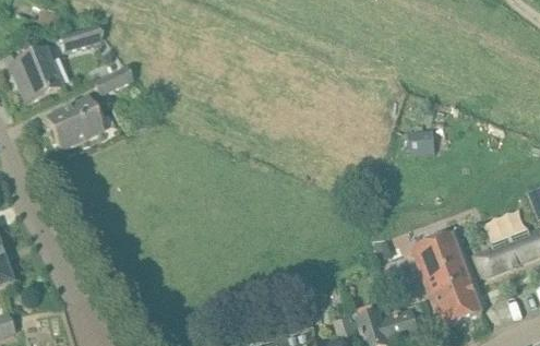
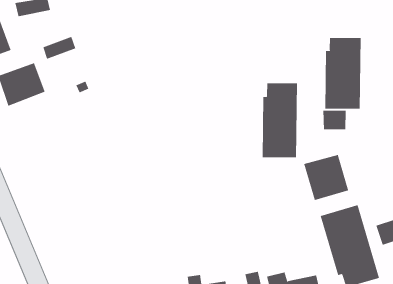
building: none -> [325,37,361,109]
building: none -> [262,83,298,158]
building: none -> [303,154,349,201]

